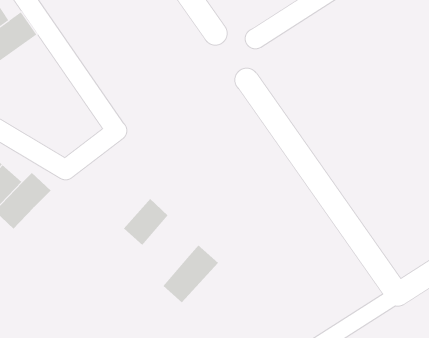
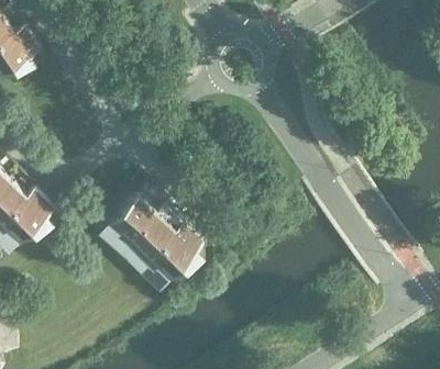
building: none -> [108,199,156,248]
building: [162,245,219,303] -> [148,224,206,283]

